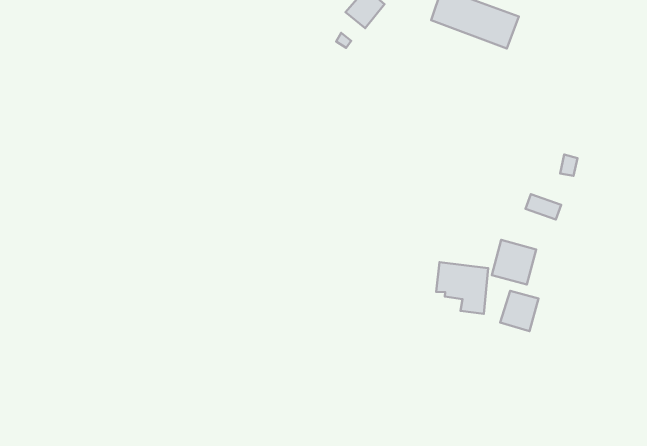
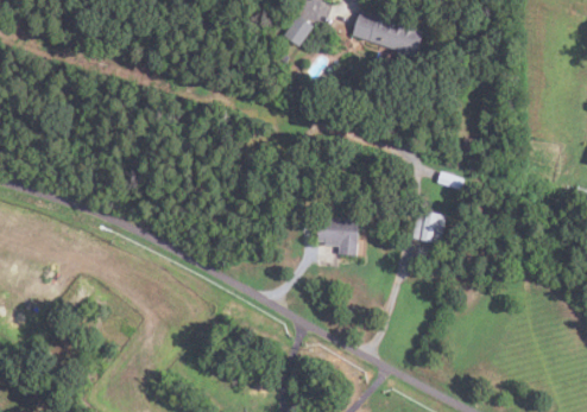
building: [436,262,488,314] -> [317,217,358,256]
building: [500,291,538,331] -> none

